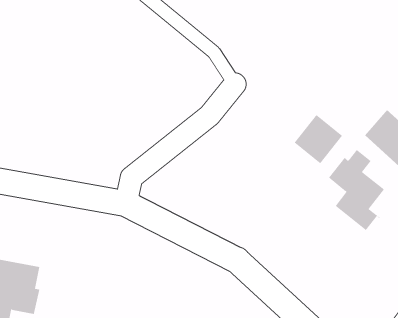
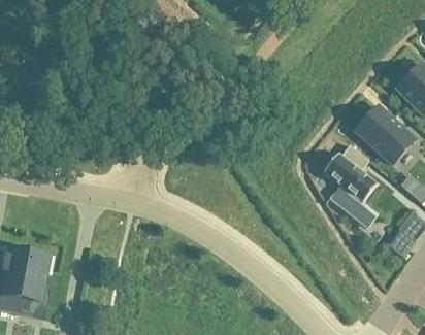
building: [294,114,343,164] -> none

